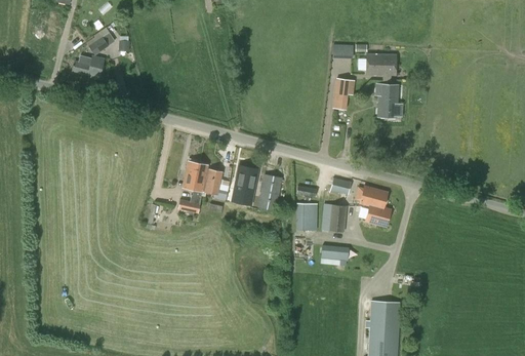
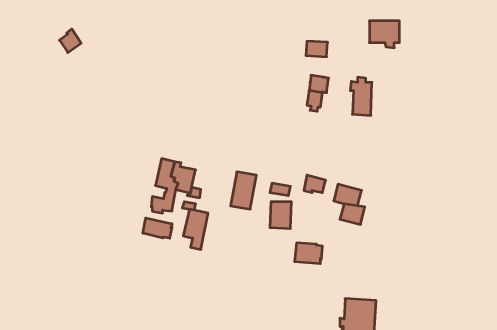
building: [367,53,397,80] -> [369,21,399,48]
building: [73,54,105,77] -> none
building: [234,164,258,204] -> [183,209,208,249]
building: [321,203,347,232] -> none
building: none -> [143,218,172,238]

